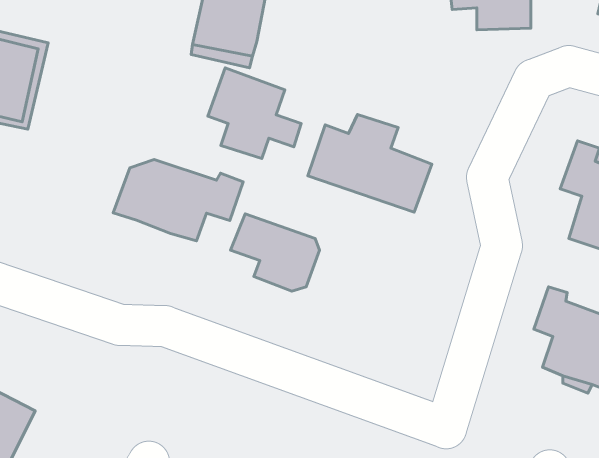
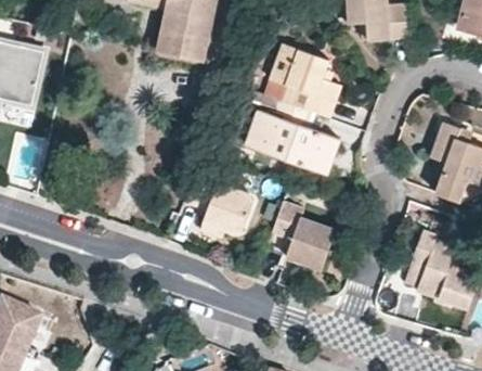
building: [208,68,301,158] -> [270,43,339,111]
building: [113,160,243,241] -> none
building: none -> [272,202,334,269]

